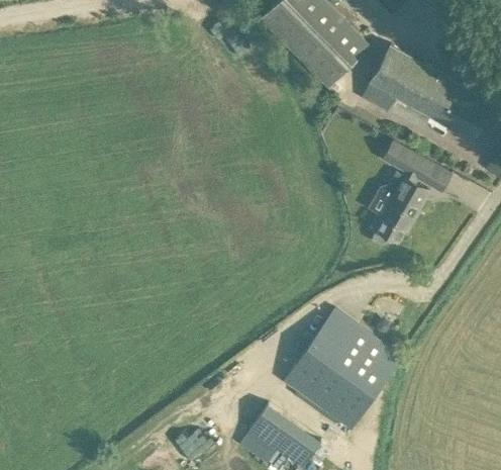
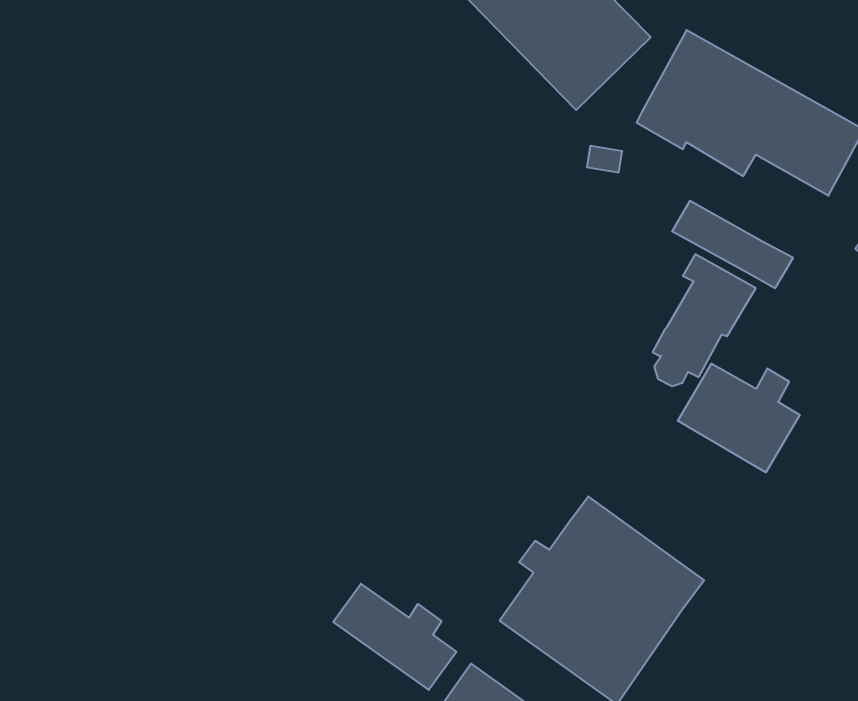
building: none -> [678,363,800,472]
building: none -> [333,584,456,690]

